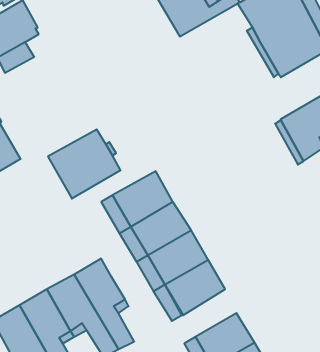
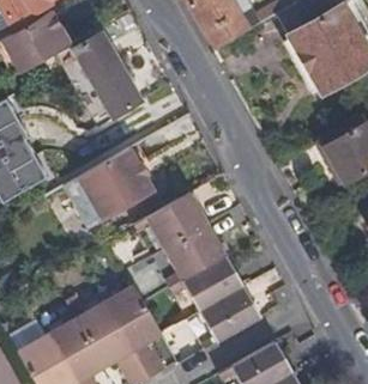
building: none -> [73,36,138,124]

